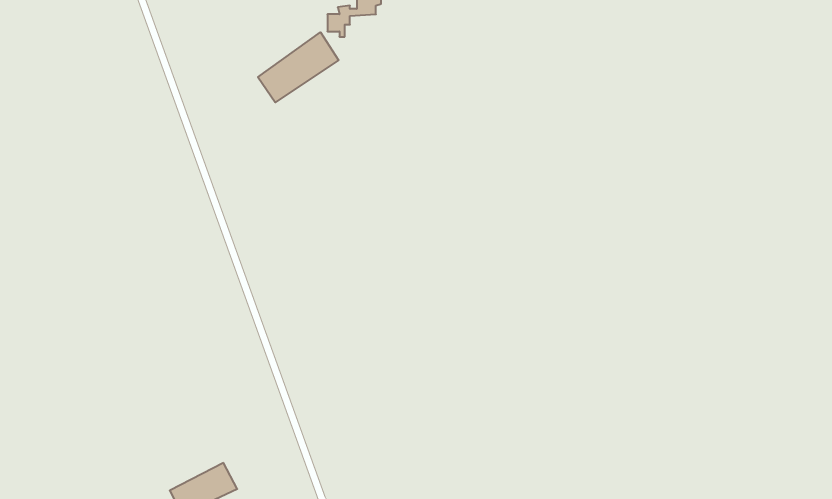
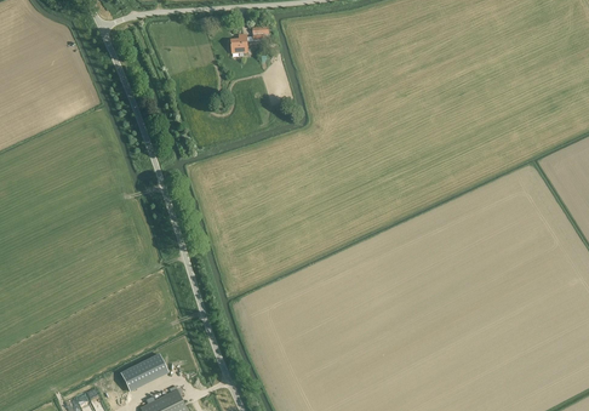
building: [258,32,339,102] -> none

